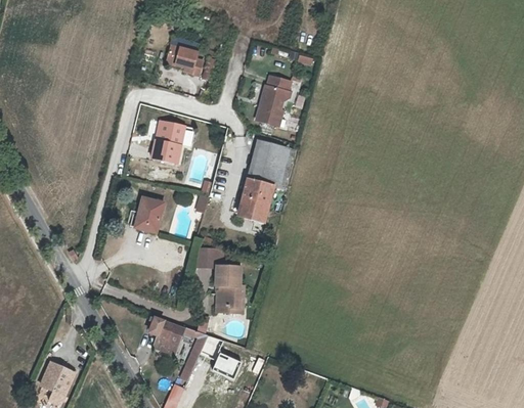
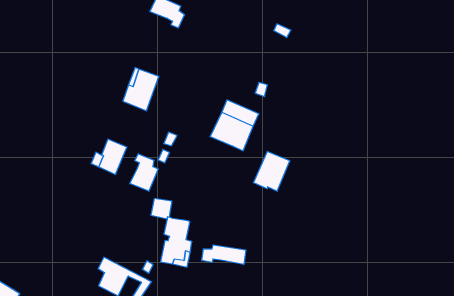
building: [254,76,289,126] -> none
building: [236,180,270,219] -> [253,151,290,191]
building: none -> [130,154,158,191]
building: none -> [202,245,246,265]

